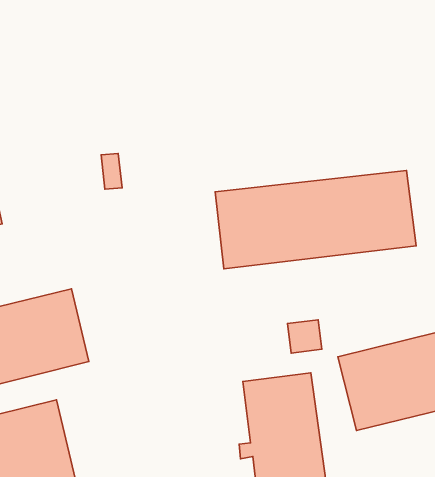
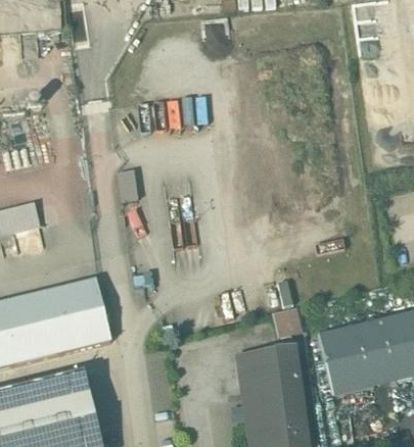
building: [215,170,416,269] -> none

